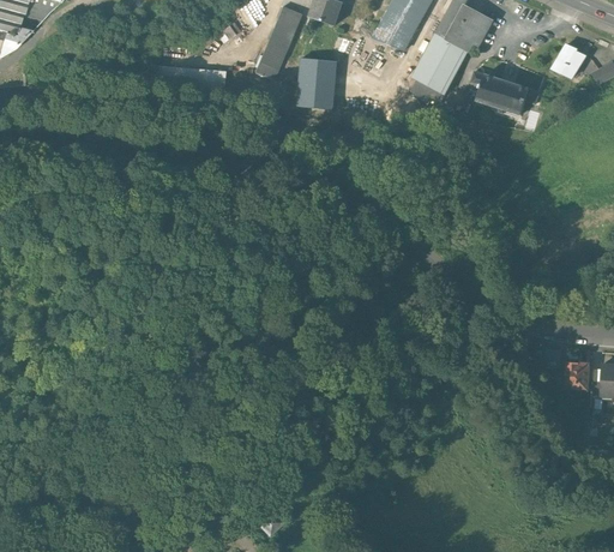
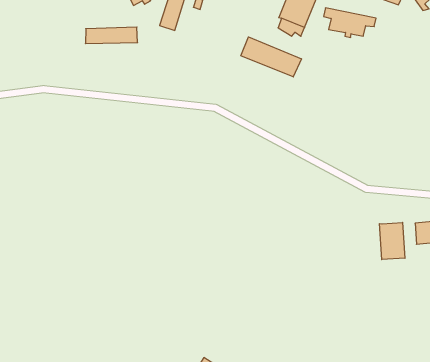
building: [297,58,337,102] -> none
building: none -> [241,37,301,77]
building: none -> [380,222,405,260]

